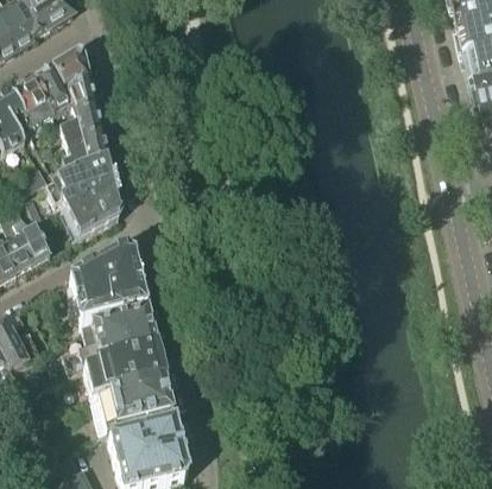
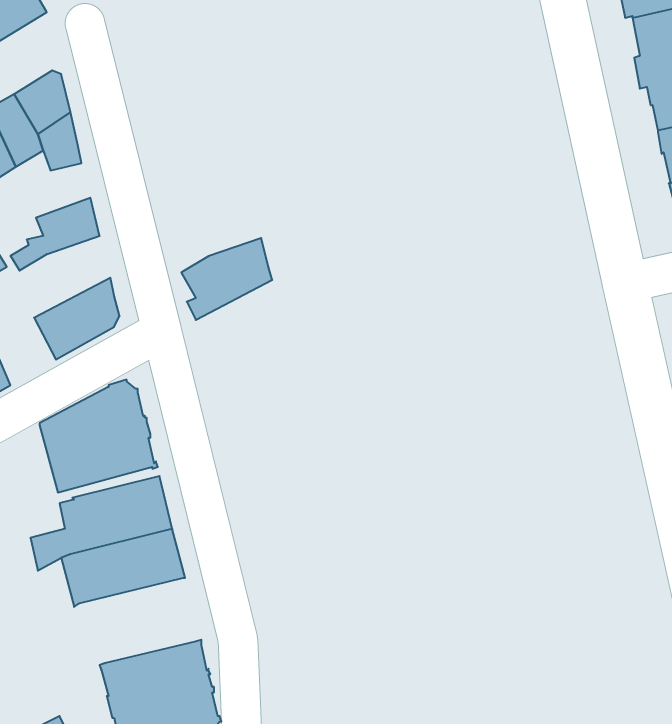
building: [59,108,102,144] -> none
building: [56,155,115,209] -> [181,238,272,320]
building: [92,379,172,432] -> none

